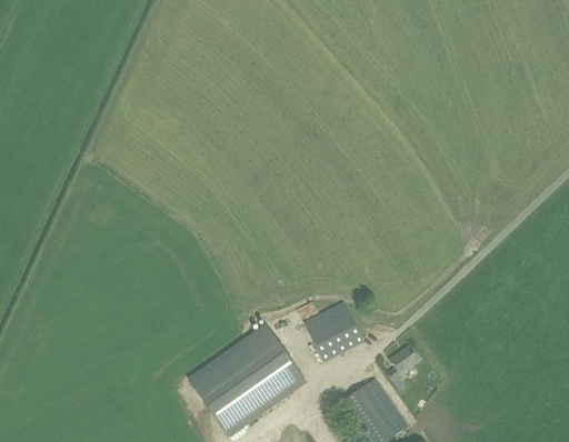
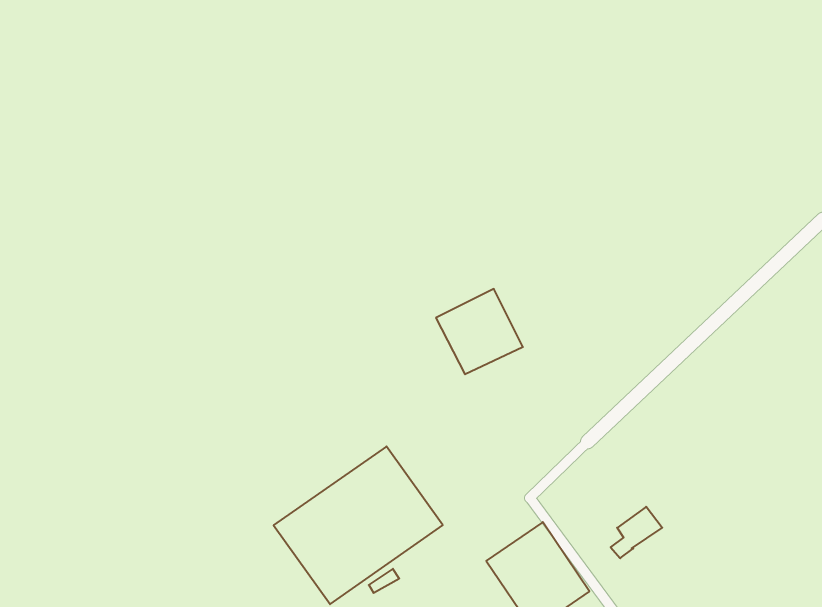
building: [303,300,363,359] -> [436,289,523,374]
building: [386,343,421,379] -> [611,507,662,558]

